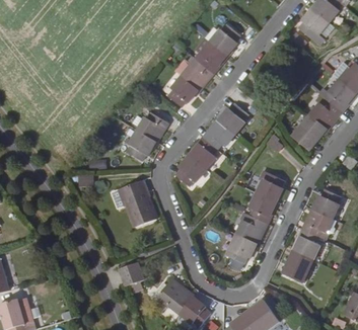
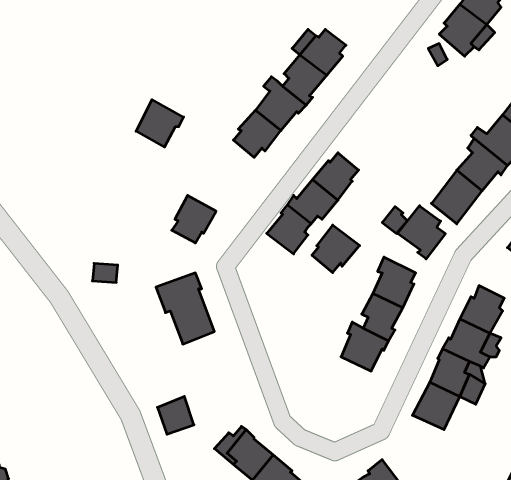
building: [137,109,167,140] -> [136,100,184,147]
building: none -> [397,206,445,259]
building: [174,154,205,184] -> [312,225,360,273]
building: [227,233,255,262] -> none

